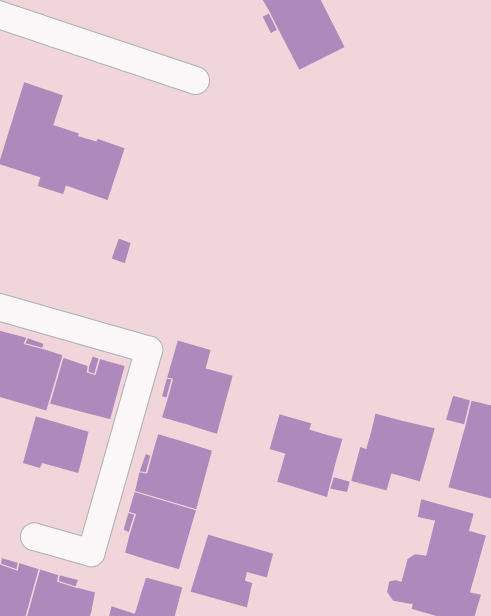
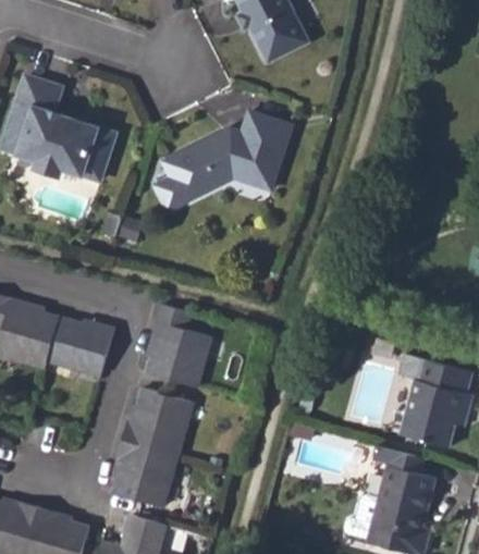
building: none -> [158,111,294,211]
building: [350,413,435,491] -> none
building: [269,414,343,498] -> none
building: [22,415,89,474] -> none
building: [190,534,274,608] -> none

